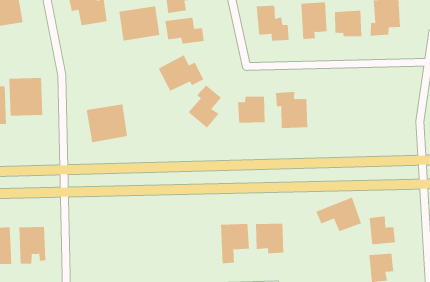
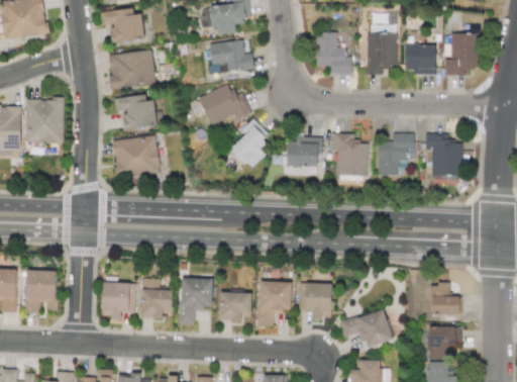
building: [118,6,160,41] -> [108,51,154,89]
building: none -> [113,94,157,129]
building: none -> [424,134,461,175]
building: none -> [377,133,414,176]
building: [316,197,362,232] -> [339,308,392,348]
building: none -> [179,278,212,323]
building: none -> [140,278,173,318]
building: none -> [101,282,135,317]
building: none -> [219,292,251,321]

